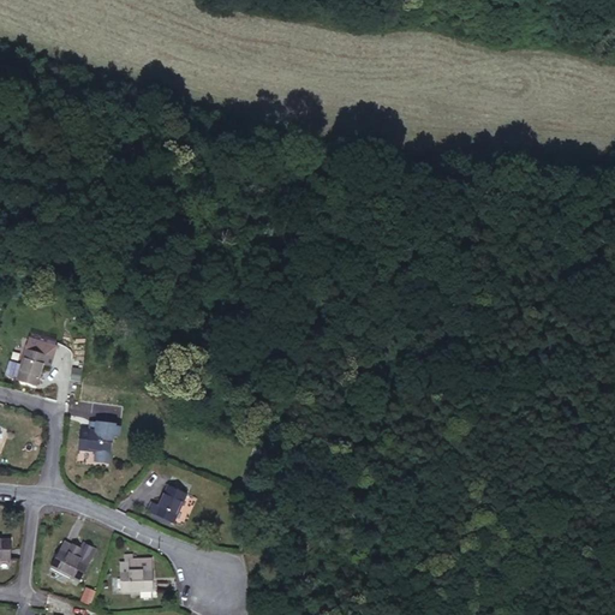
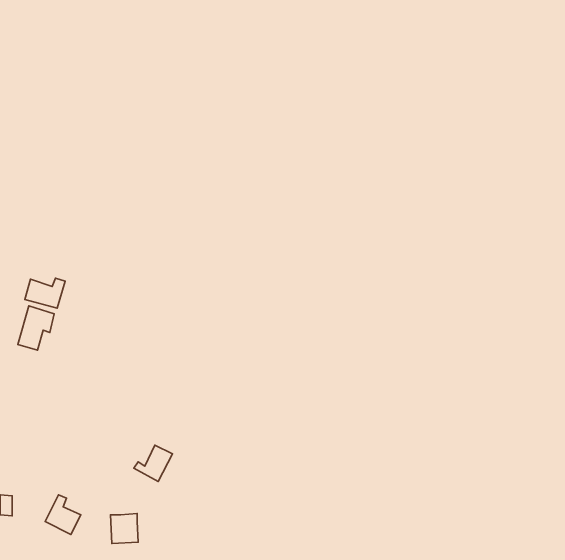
building: none -> [25,278,65,308]
building: [79,426,112,455] -> none

